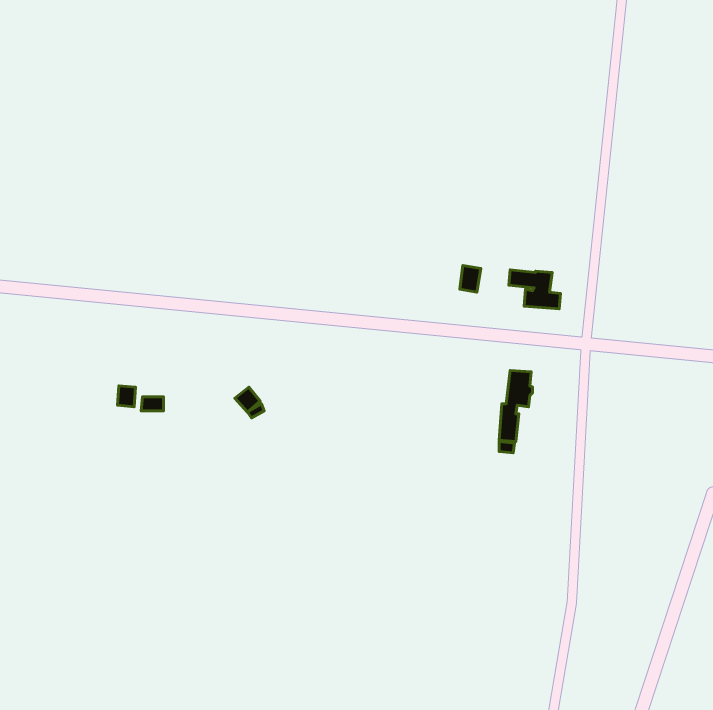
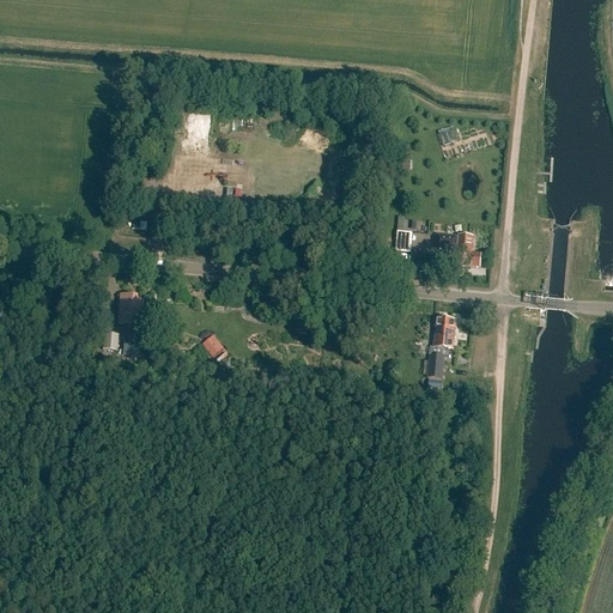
building: none -> [116,292,142,323]

